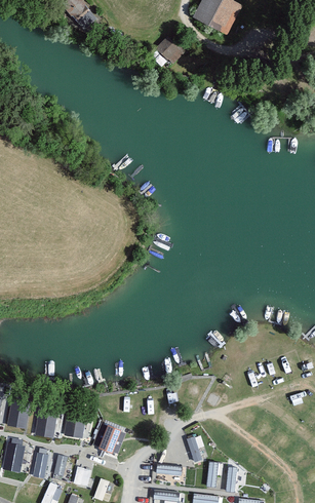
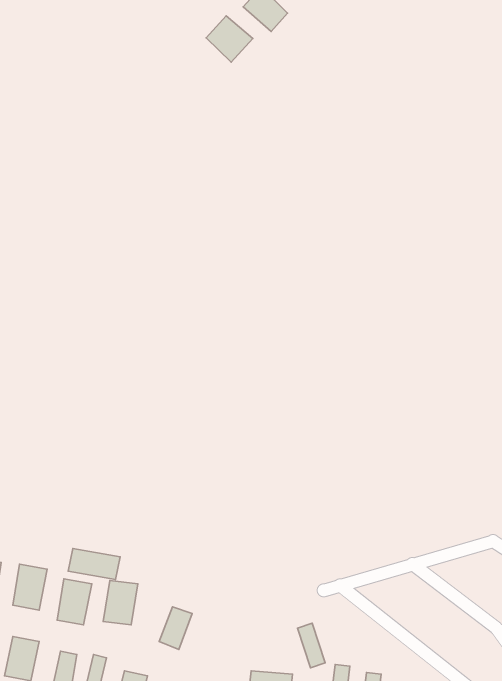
building: none -> [206,16,253,62]
building: none -> [68,549,120,580]

